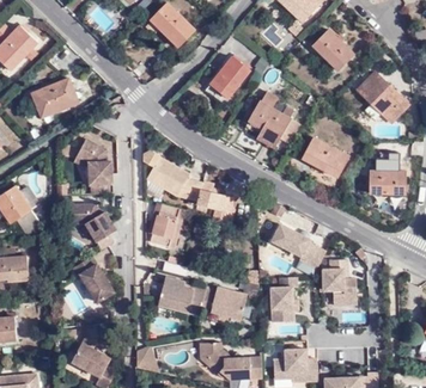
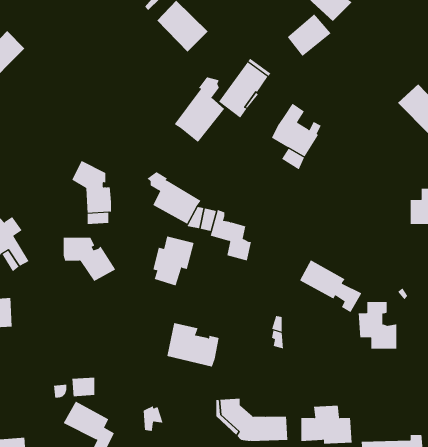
building: [312,33,353,72] -> none
building: none -> [174,77,225,143]
building: [29,79,77,117] -> none
building: [300,137,347,177] -> none
building: [72,257,114,303] -> none
building: [270,277,297,321] -> none
building: [200,287,247,319] -> none

